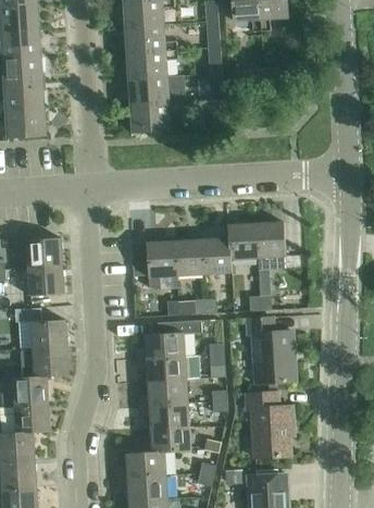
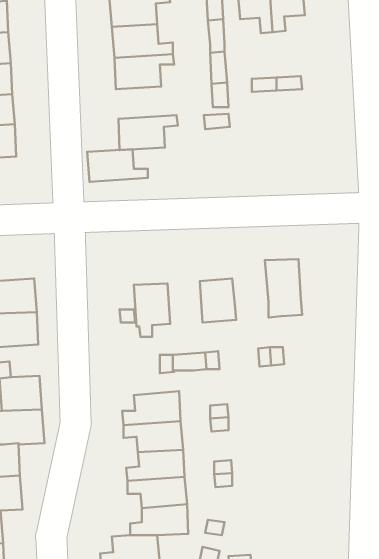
building: [128,77,179,104] -> [87,149,148,182]
building: [225,223,257,260] -> none
building: [172,240,201,276] -> none
building: [246,319,295,385] -> none
building: [245,393,291,459] -> none

